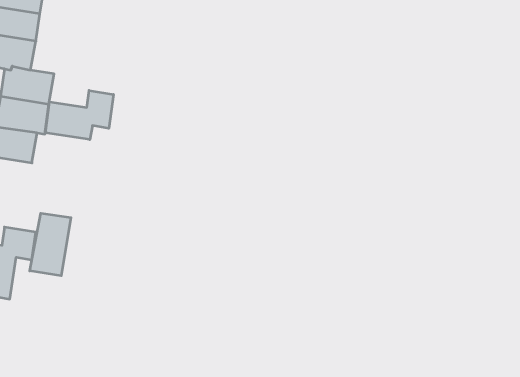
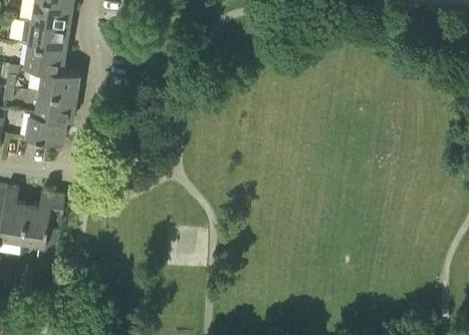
building: [46,90,113,140] -> none
building: [30,213,71,276] -> none

